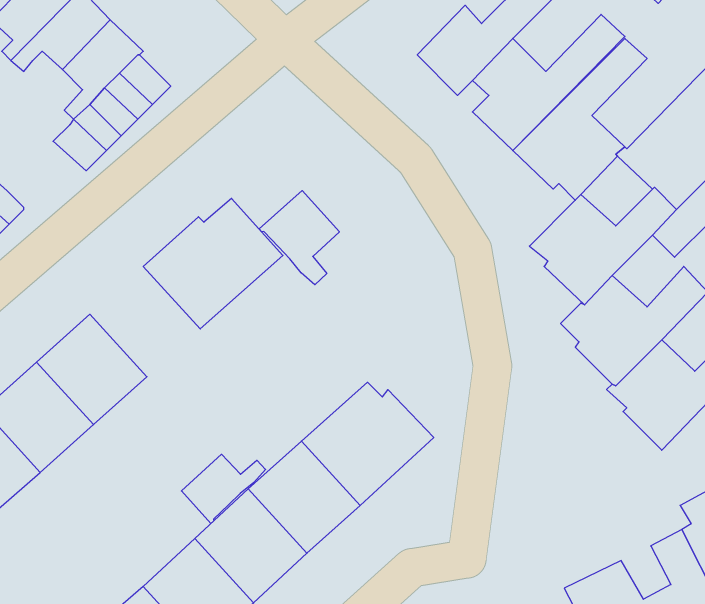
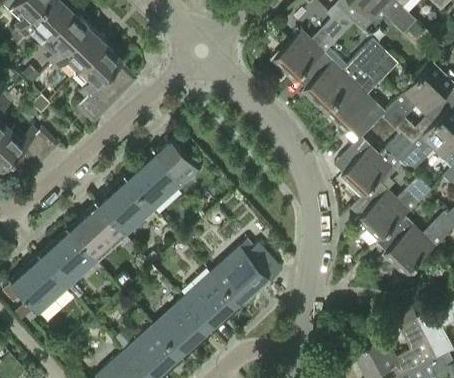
building: [259,191,339,285] -> none
building: none -> [95,176,155,236]
building: [181,454,266,524] -> none

